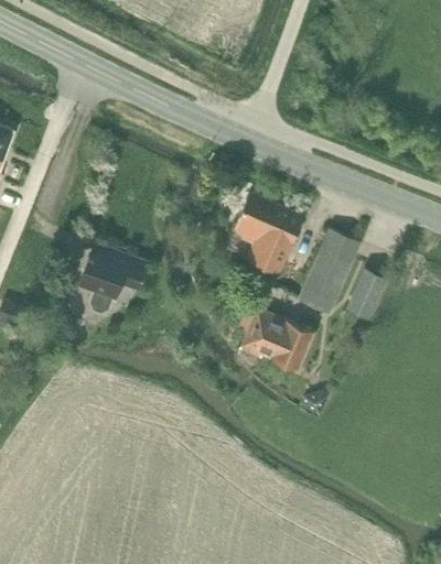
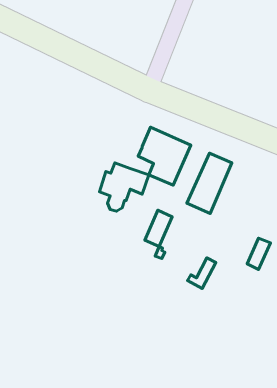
building: [78,247,146,313] -> [100,163,149,211]
building: [351,273,383,316] -> [247,238,271,270]
building: [261,317,314,370] -> none

